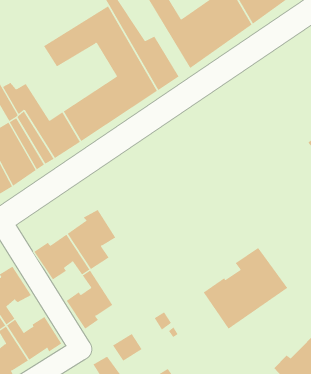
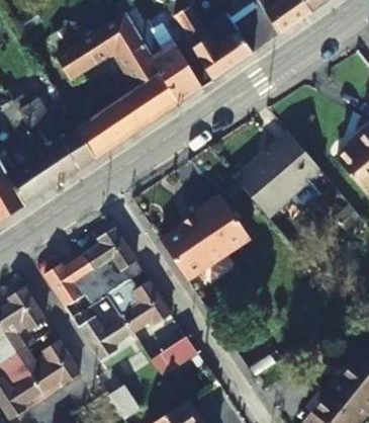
building: none -> [236,134,322,219]
building: [203,247,288,330] -> [161,193,252,281]
building: none -> [107,279,170,333]

